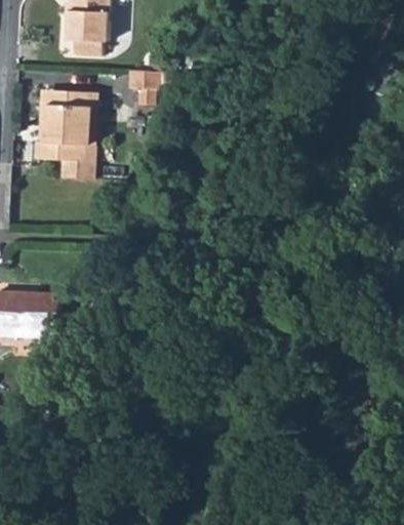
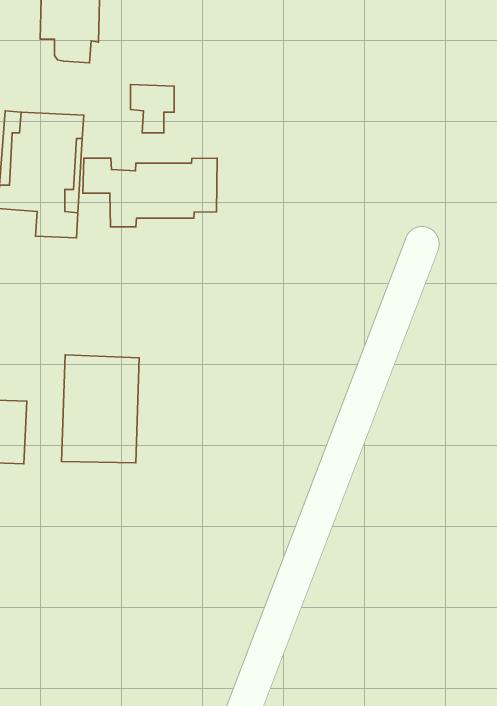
building: none -> [83,158,217,227]
building: none -> [62,355,139,463]

